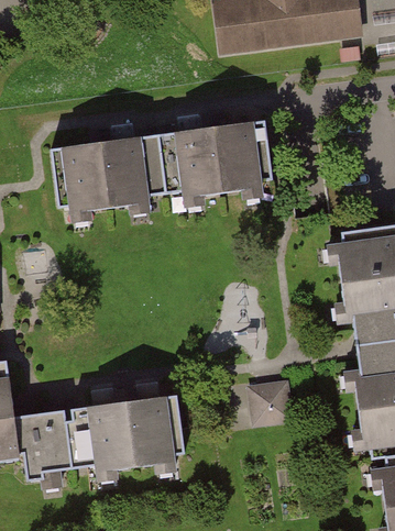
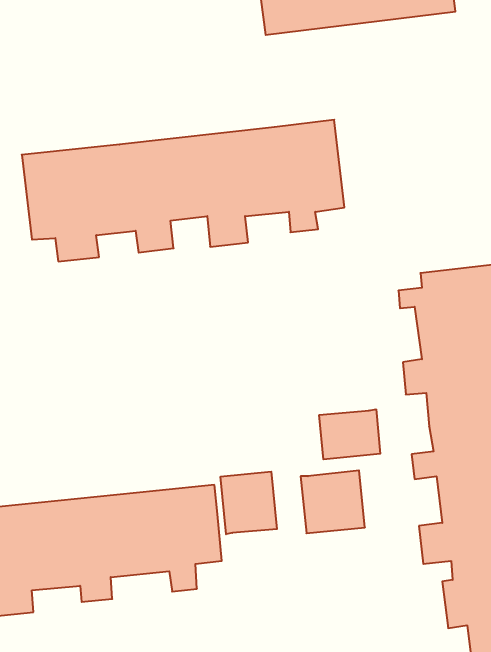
building: none -> [319,409,380,459]
building: none -> [221,472,277,534]

